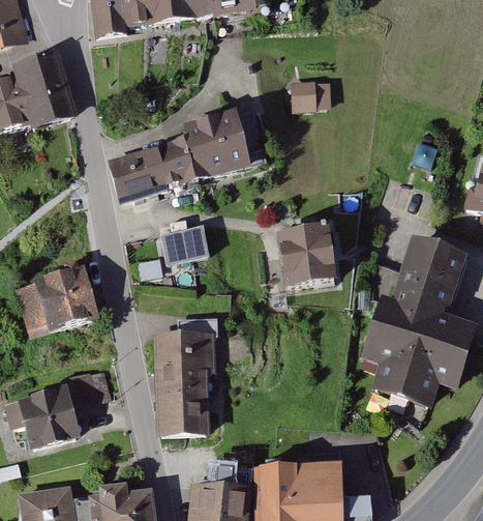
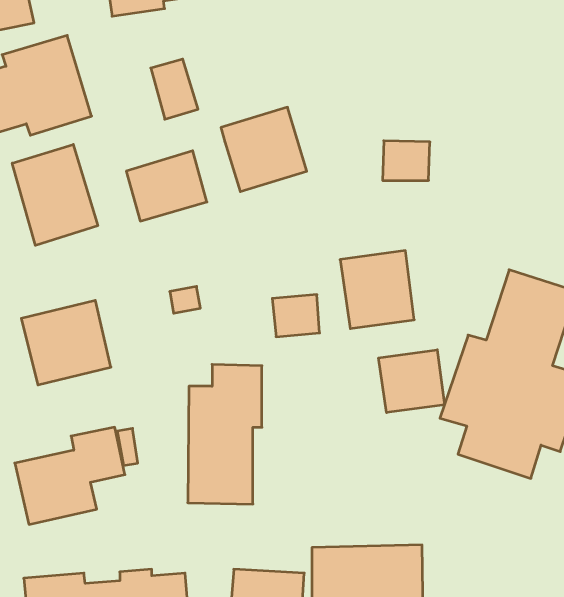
building: [295,77,333,109] -> [383,141,430,180]
building: [158,139,197,187] -> [151,59,198,119]
building: none -> [12,144,98,245]
building: [164,227,203,261] -> [272,295,320,337]
building: none -> [379,350,444,413]

